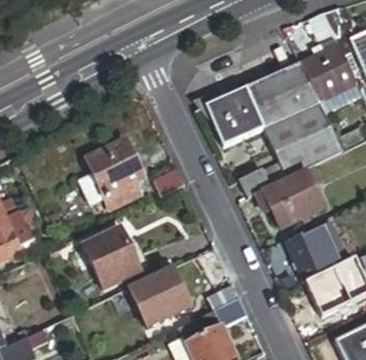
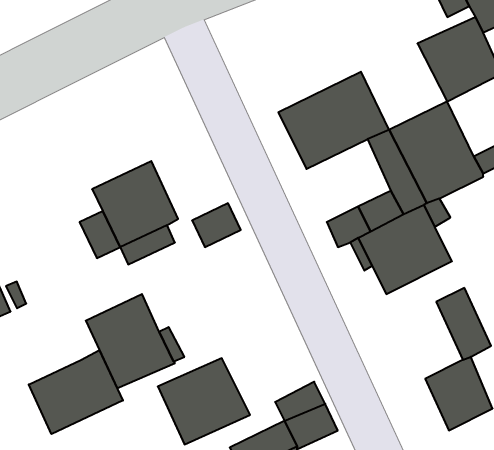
building: [263,63,320,119] -> none
building: [287,232,330,283] -> none
building: none -> [29,350,123,434]

